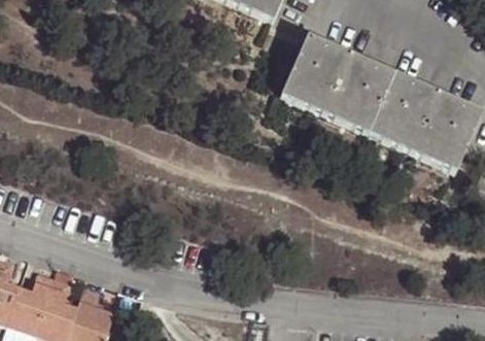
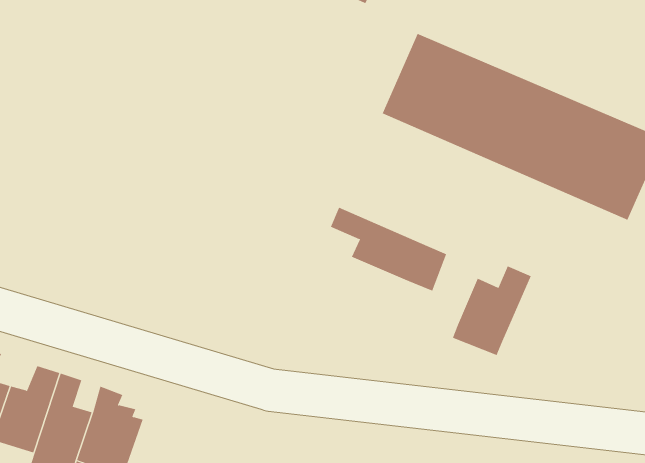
building: none -> [330,207,447,292]
building: none -> [452,265,532,356]

